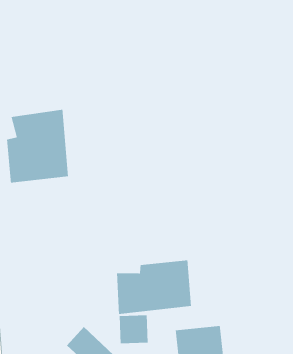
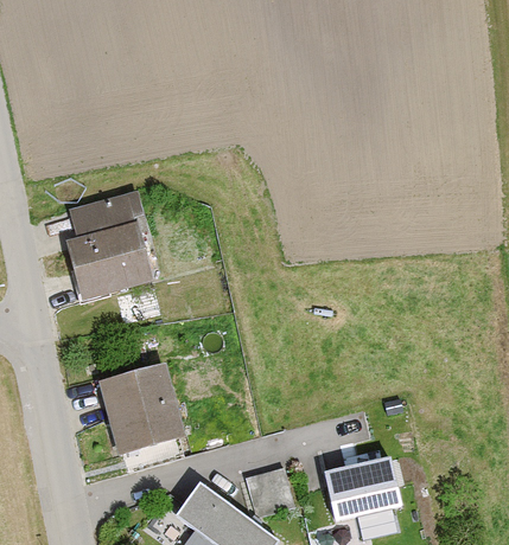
building: none -> [96,363,186,455]
building: [116,259,192,315] -> none

